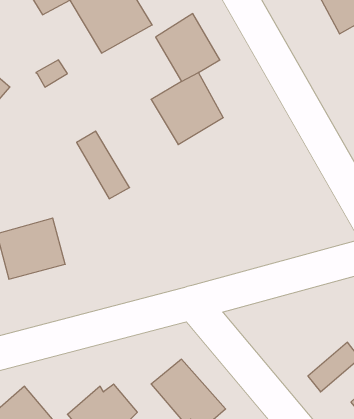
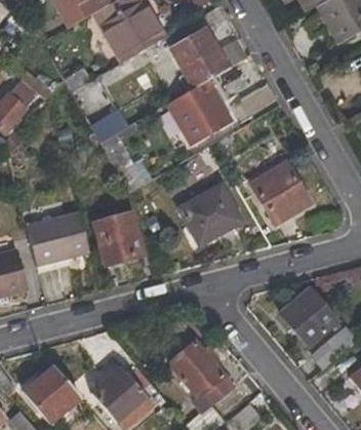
building: none -> [250,160,312,224]
building: none -> [179,183,243,245]
building: none -> [94,212,143,265]
building: none -> [279,286,339,347]

